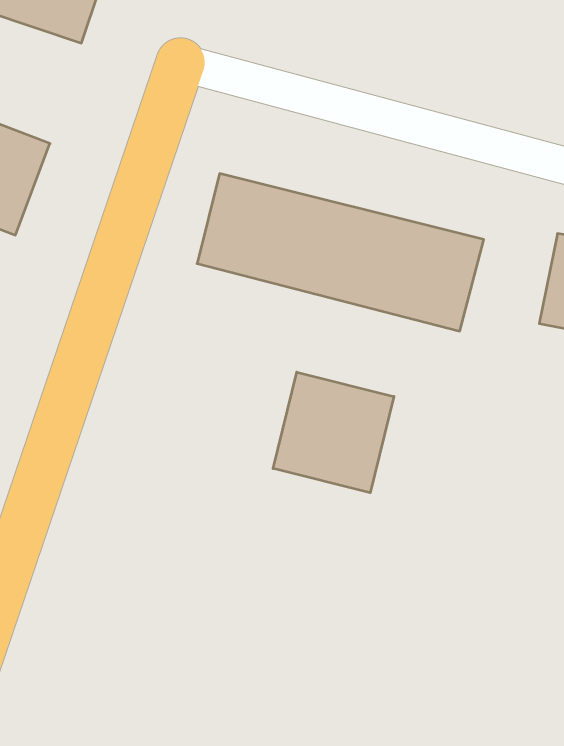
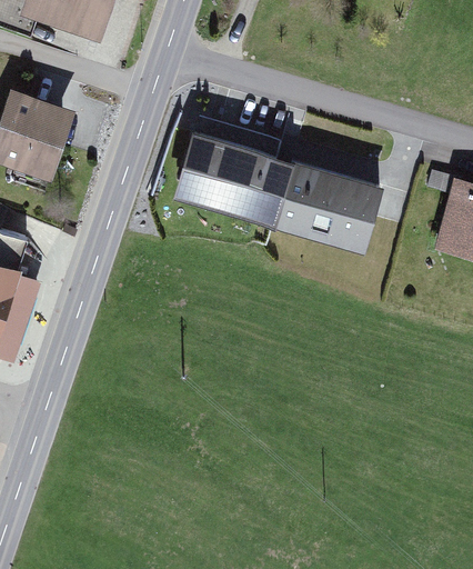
building: [273,372,394,493] -> none

